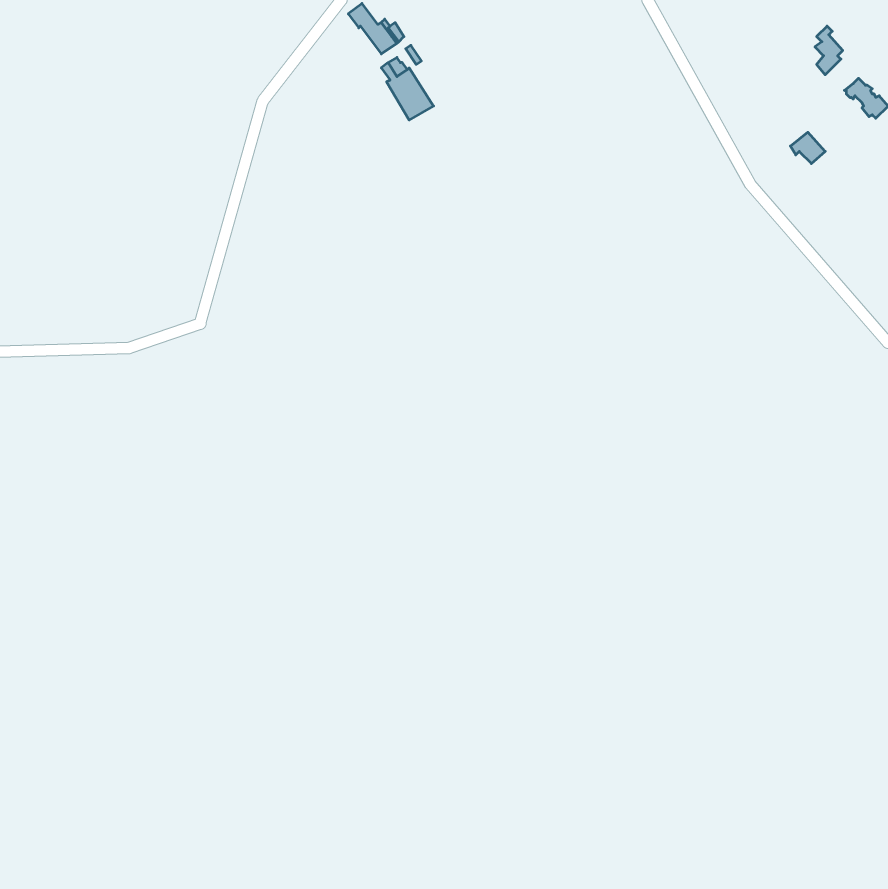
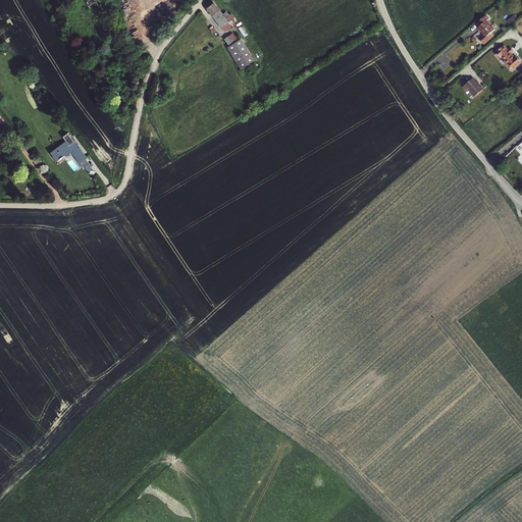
building: none -> [50,133,85,162]

